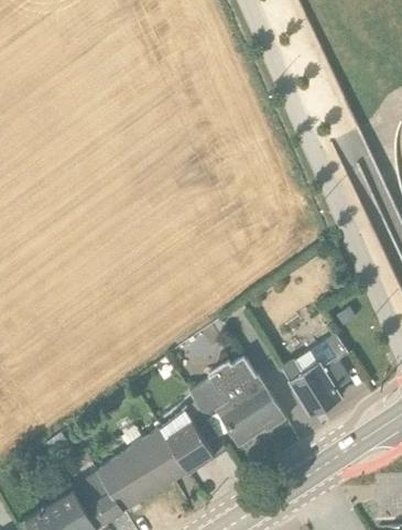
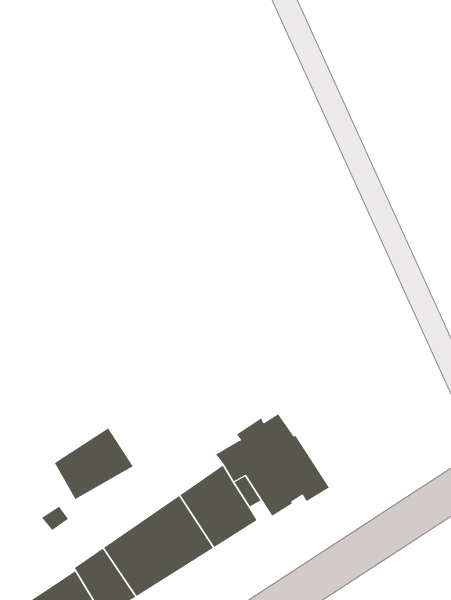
building: [284,334,350,414] -> none
building: none -> [54,427,134,500]

